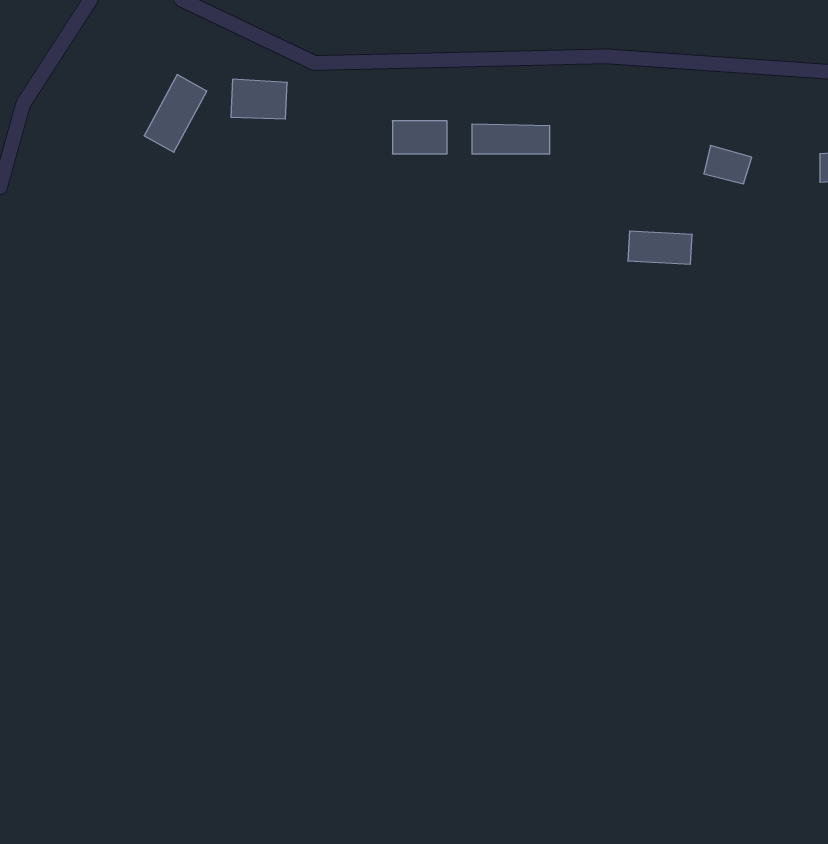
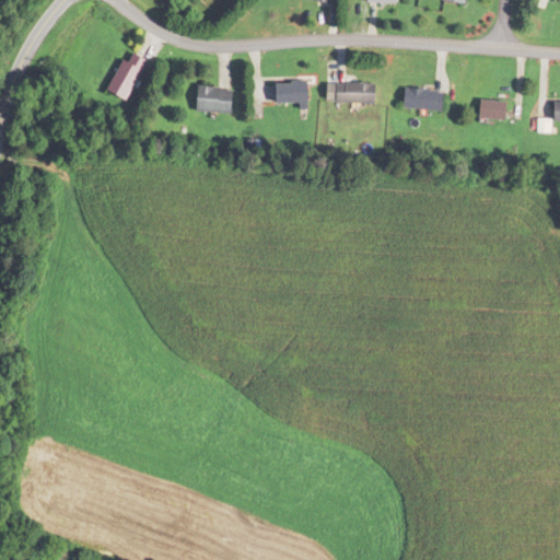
building: [231,79,287,119] -> [194,85,231,112]
building: [628,231,692,264] -> [400,88,443,109]

